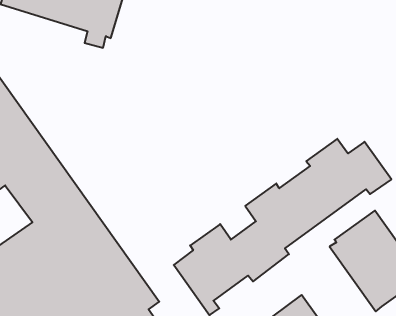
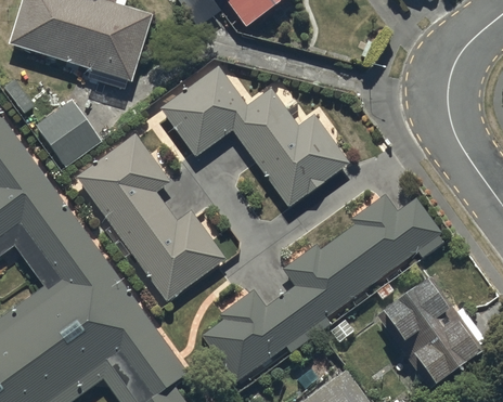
building: none -> [158,64,349,207]
building: none -> [30,101,101,168]
building: none -> [76,132,225,300]

